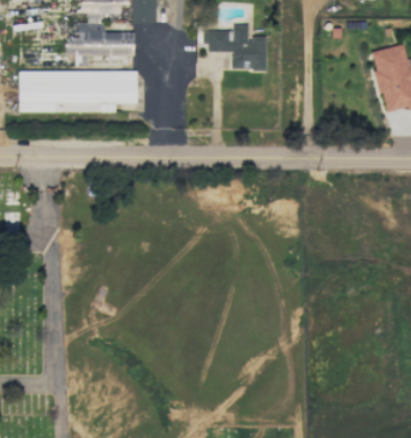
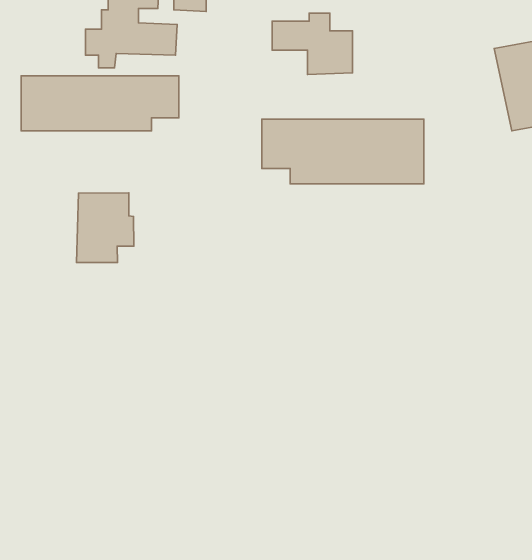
building: none -> [262,119,424,184]
building: none -> [76,193,134,262]

